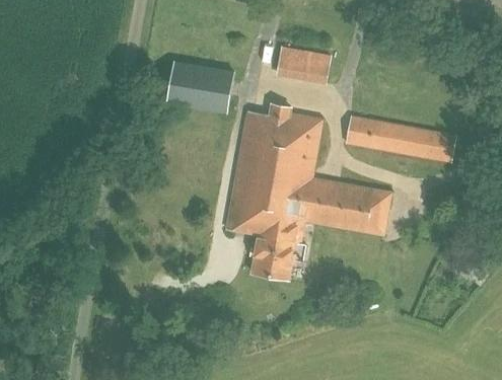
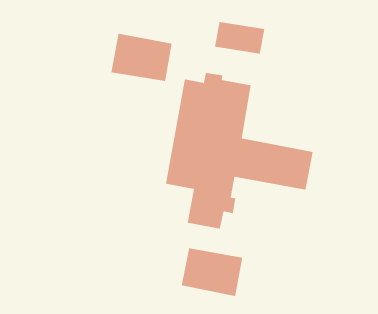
building: [345,110,456,163] -> none
building: none -> [181,247,243,297]

